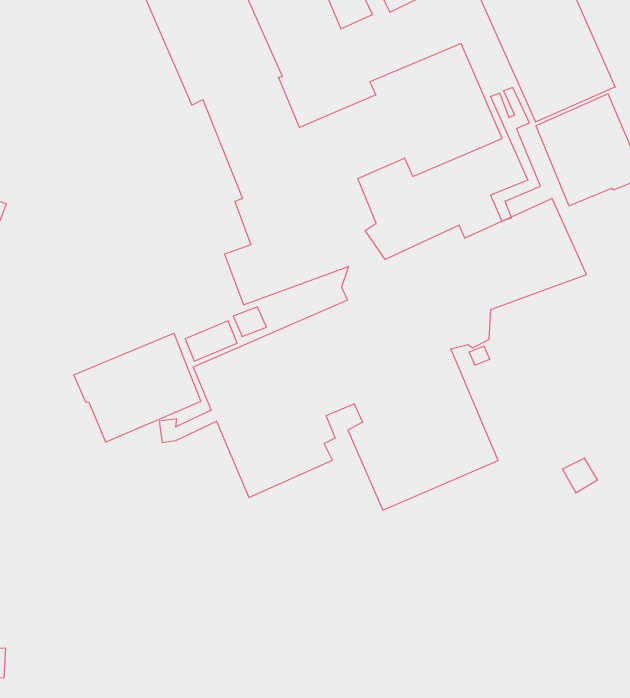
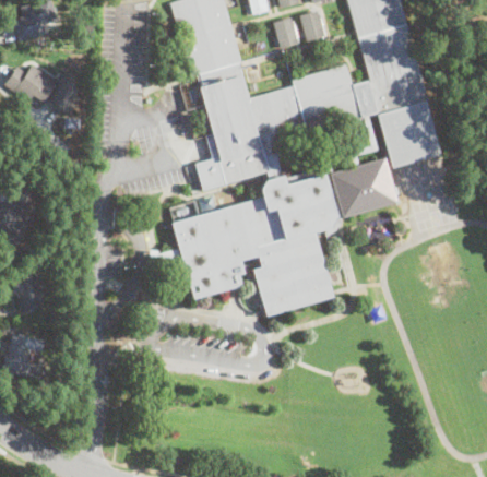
building: [74,333,201,442] -> none

